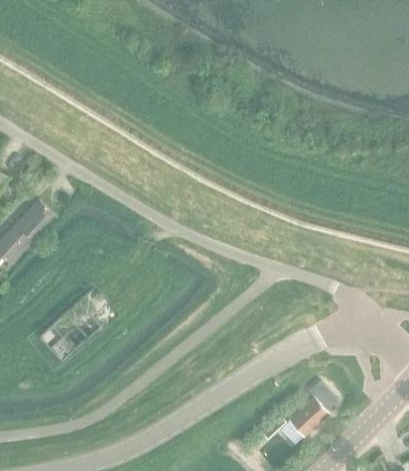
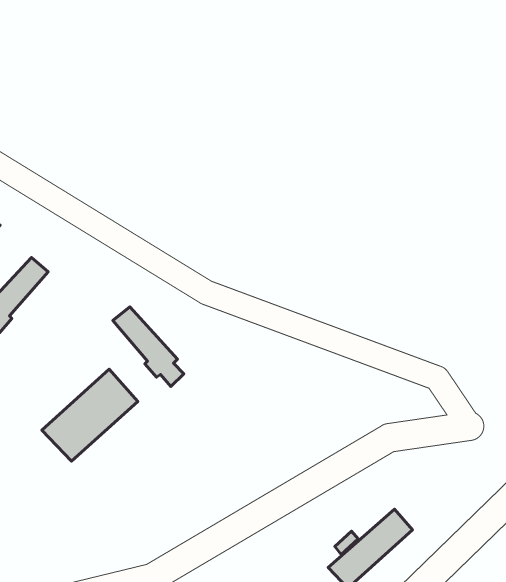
building: none -> [113,307,184,386]

